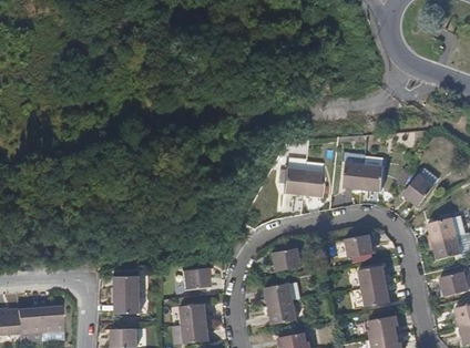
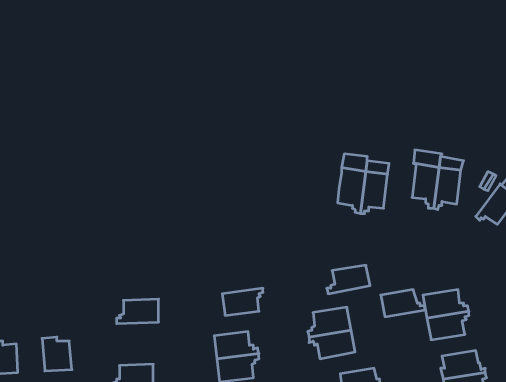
building: [341,234,378,256] -> [381,290,426,317]
building: [102,291,136,311] -> none
building: [20,305,43,332] -> none

